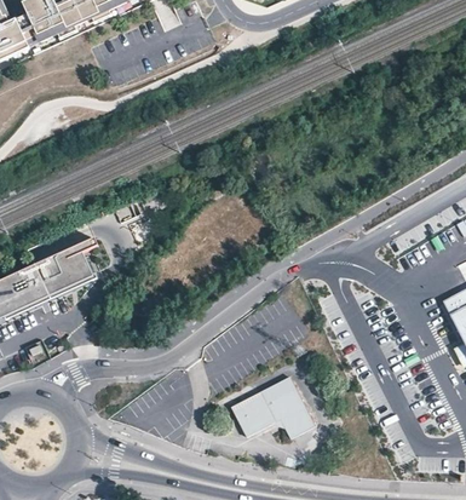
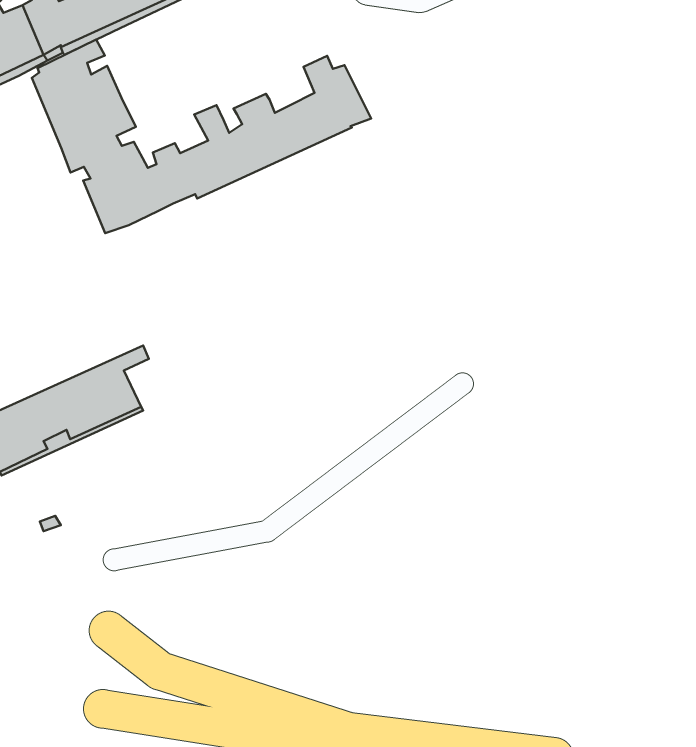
building: none -> [32,40,371,233]
building: [230,373,315,435] -> none

